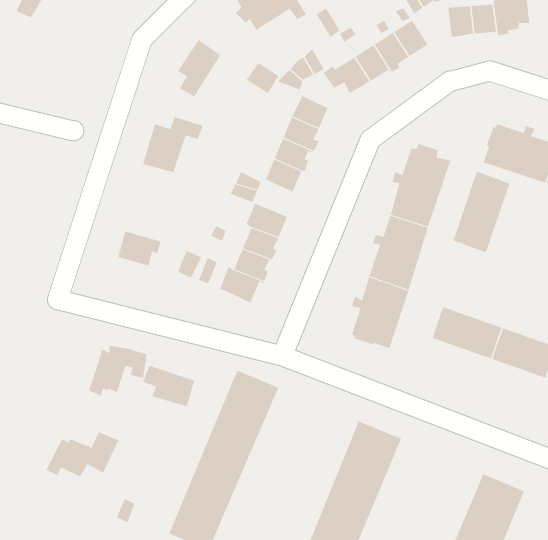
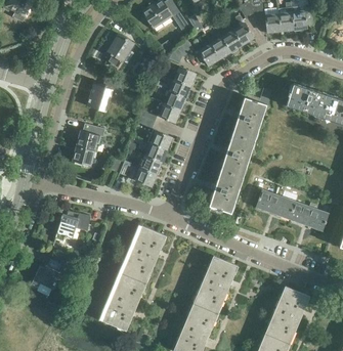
building: [453,171,510,253] -> none
building: none -> [76,126,104,150]
building: [143,365,195,407] -> none

